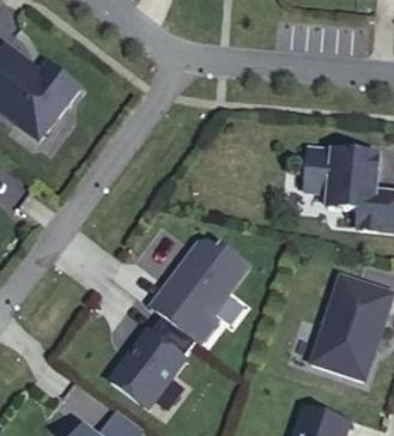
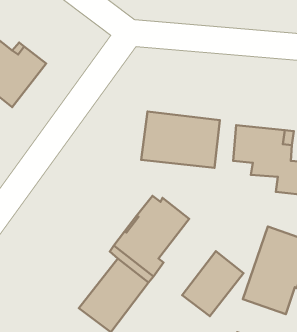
building: none -> [141,112,220,168]
building: none -> [182,251,243,316]

